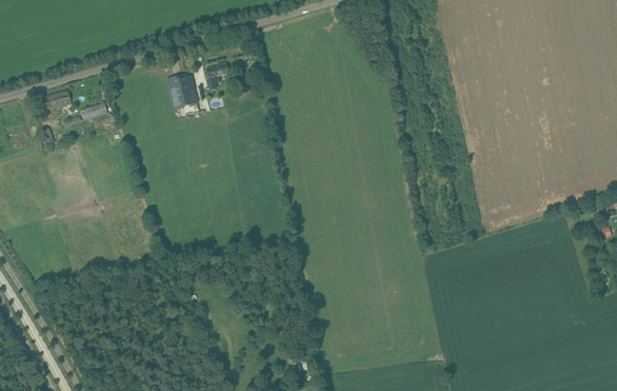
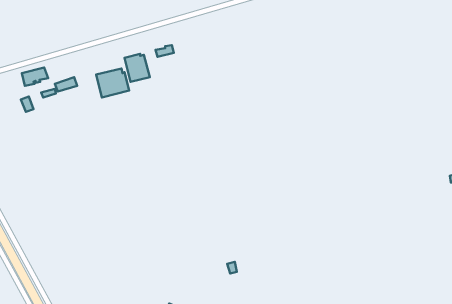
building: none -> [96,68,129,98]

